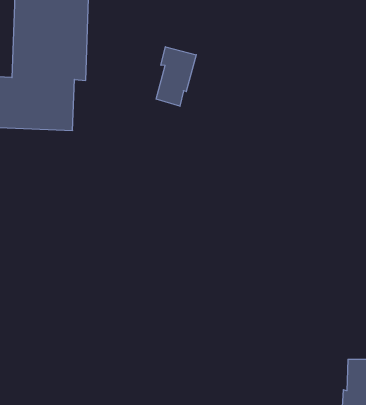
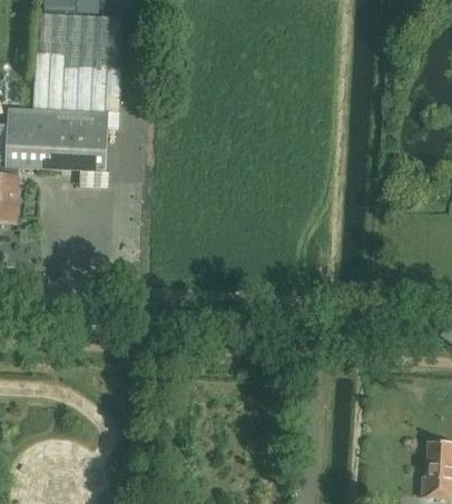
building: [156,47,196,106] -> none

